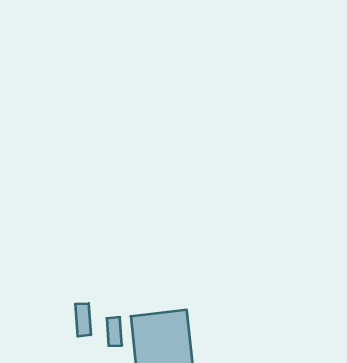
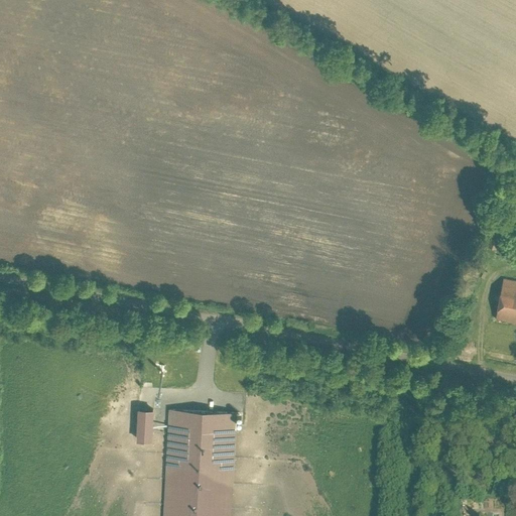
building: [75,303,91,336] -> none

